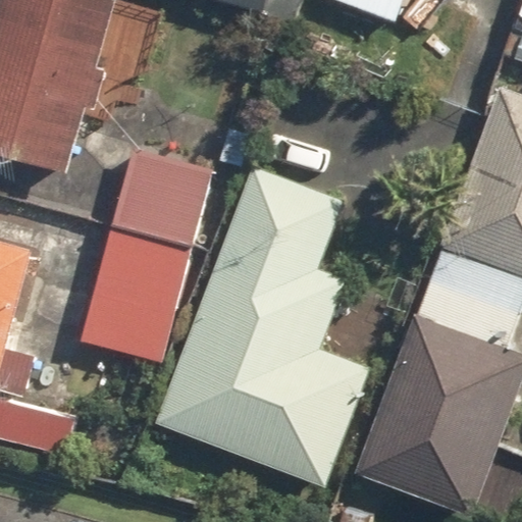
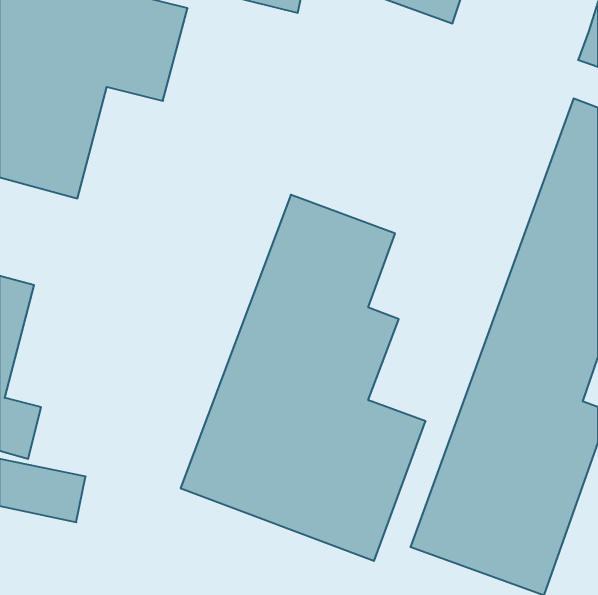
building: [109,146,213,243] -> none
building: [81,232,190,359] -> none

